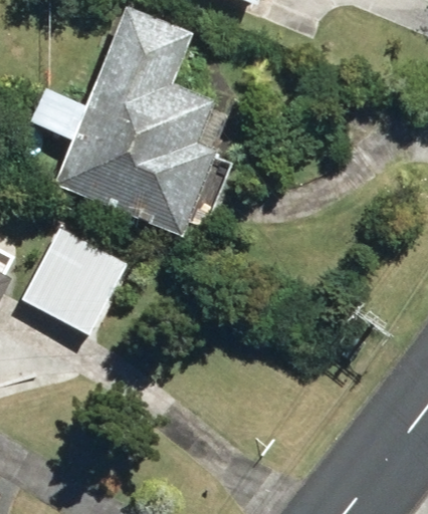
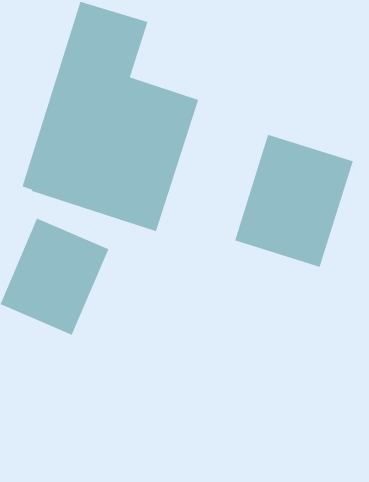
building: none -> [234,134,354,268]

